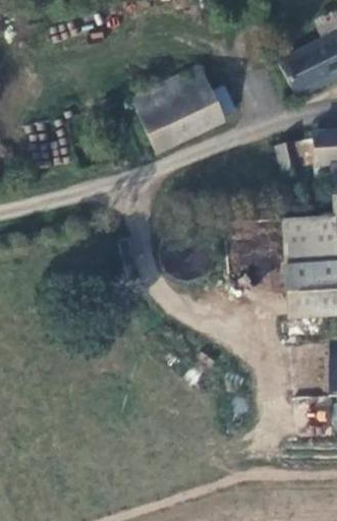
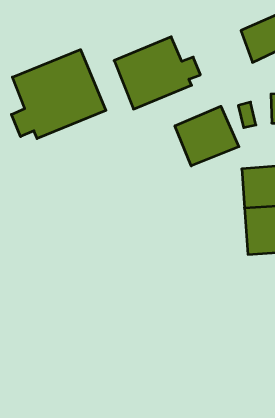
building: none -> [11,50,106,139]
building: none -> [175,106,239,166]

